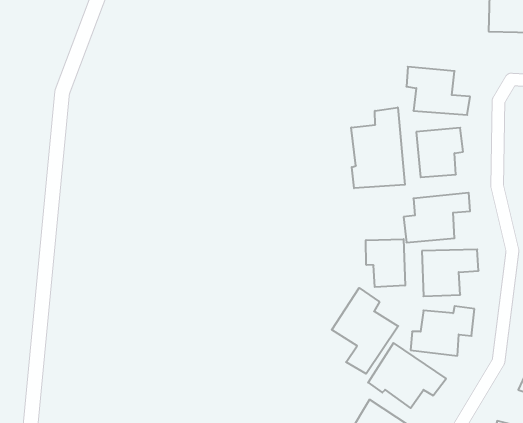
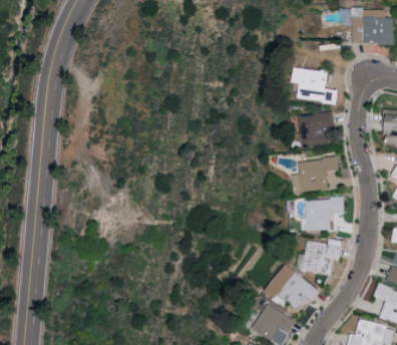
building: [351,107,405,188] -> none
building: [366,239,405,287] -> none
building: [332,288,398,374] -> none

